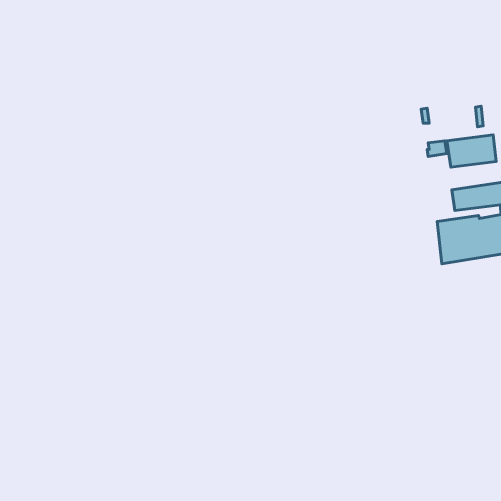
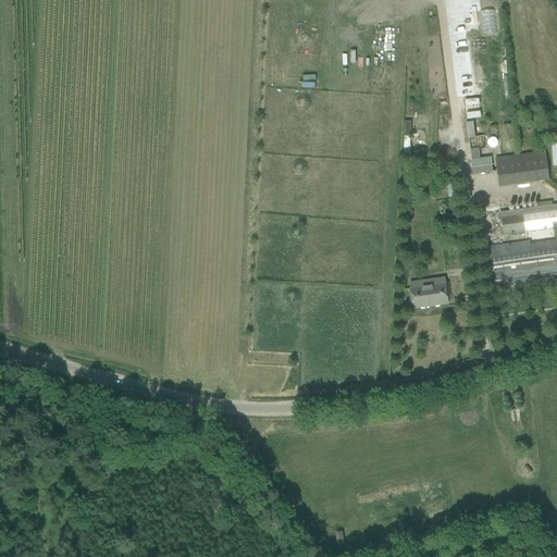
building: none -> [413,283,450,307]

